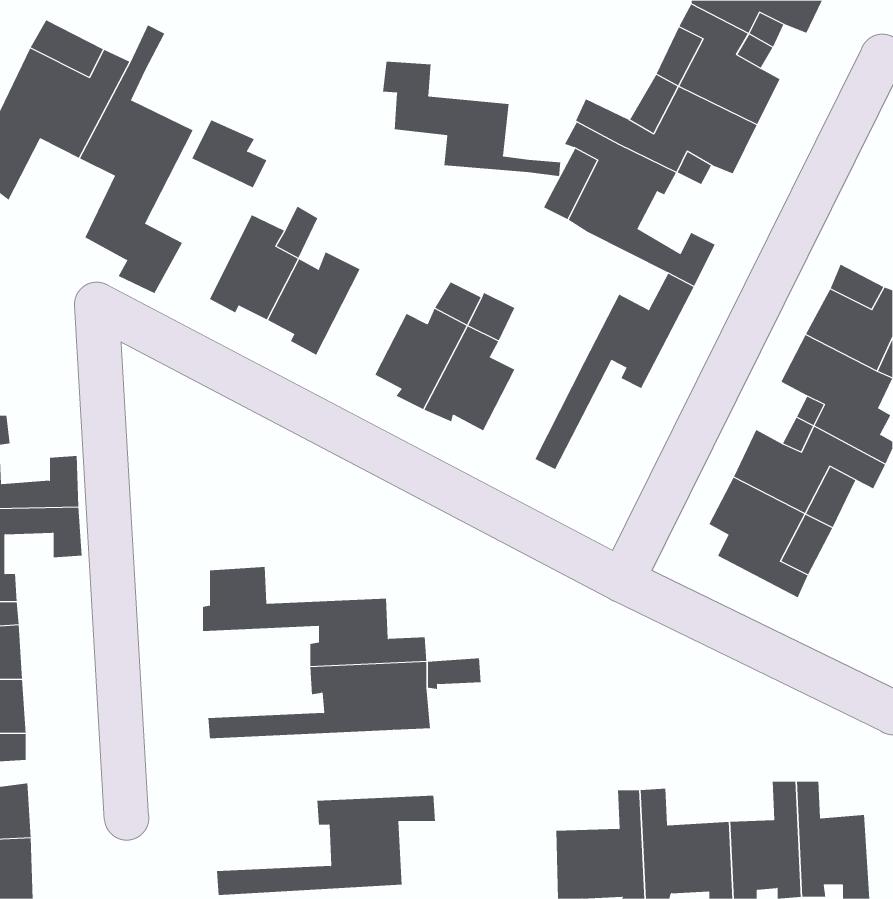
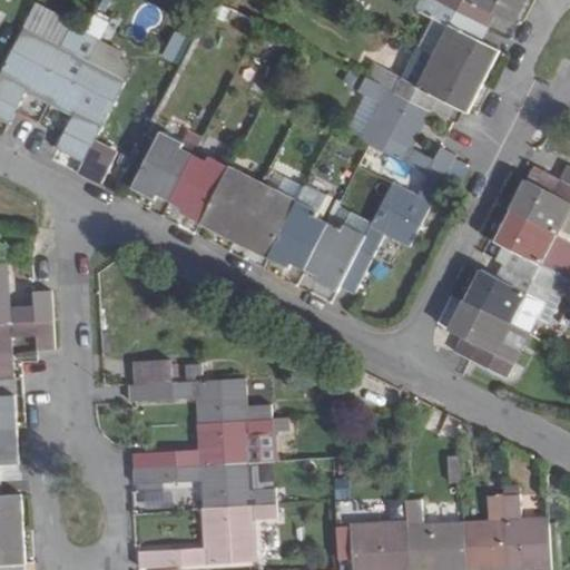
building: [383,61,561,177] -> none
building: [191,120,267,188] -> [83,39,131,82]
building: none -> [200,170,257,237]
building: none -> [306,218,370,294]
building: none -> [132,462,275,507]

